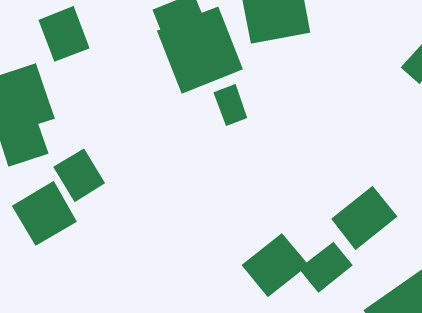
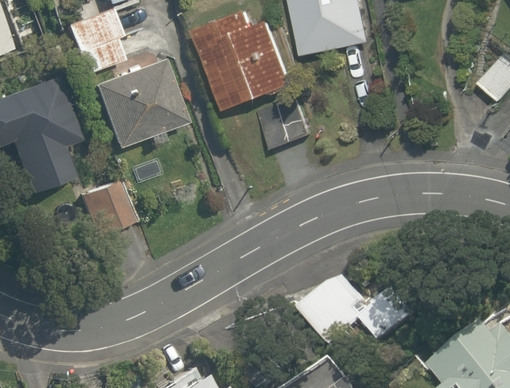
building: none -> [90,60,182,148]
building: [11,180,78,247] -> none
building: [330,185,398,251] -> none

